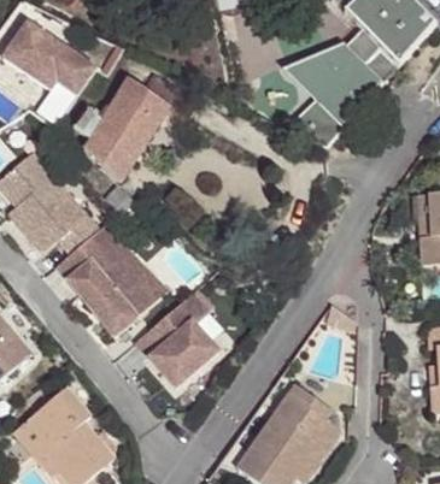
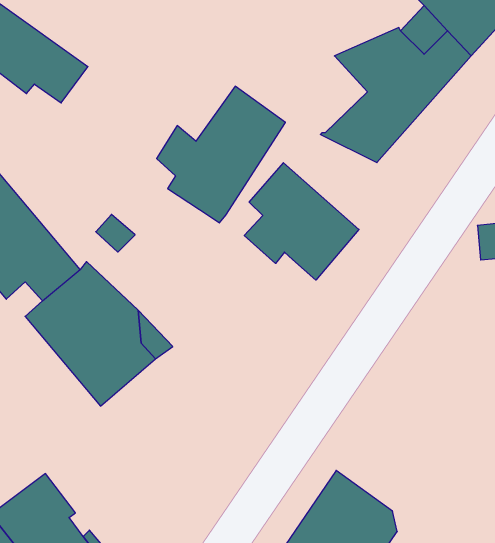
building: [69,79,168,184] -> [157,86,285,223]
building: none -> [244,163,359,280]
building: [133,291,216,388] -> none

